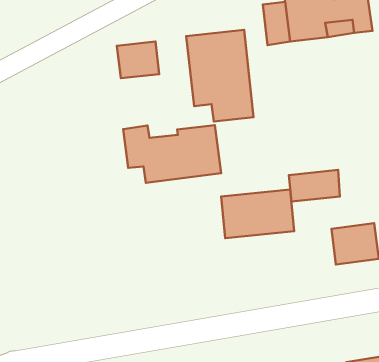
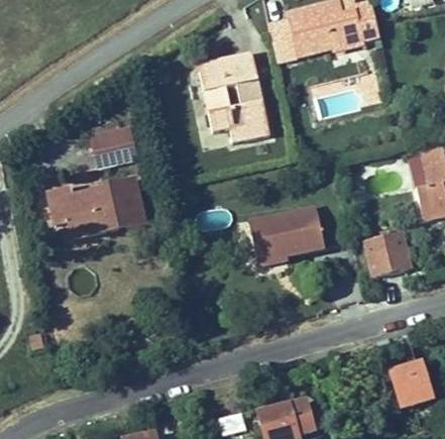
building: [117,42,159,78] -> [92,126,137,167]
building: [123,125,221,183] -> [44,176,147,240]
building: [289,170,340,201] -> none

